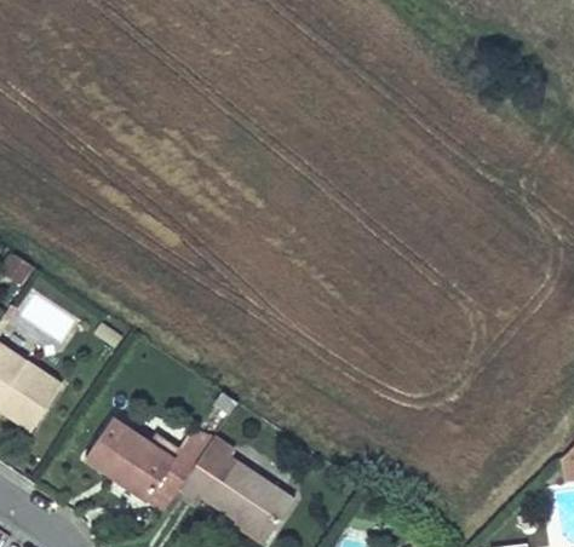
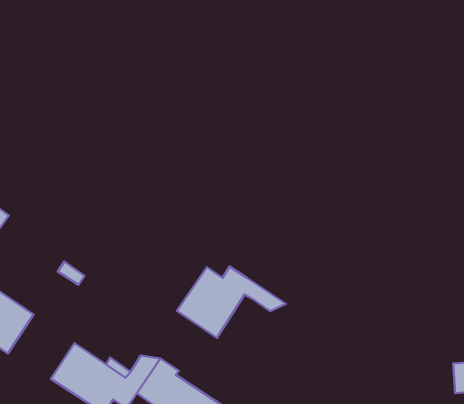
building: none -> [177,266,286,338]

